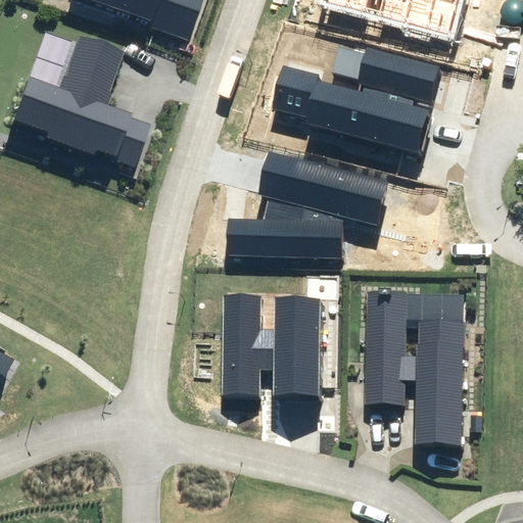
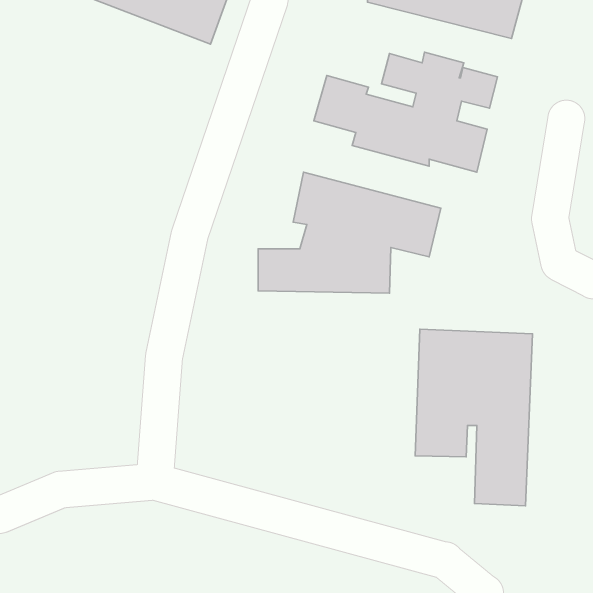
building: [7,37,143,162] -> none
building: [221,292,319,395] -> none

